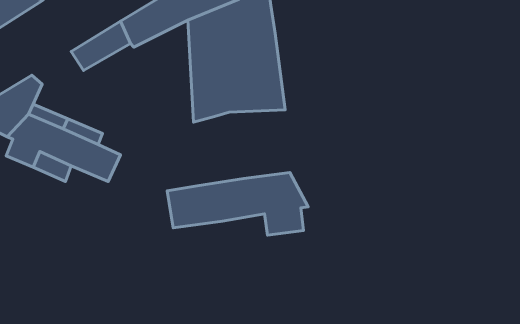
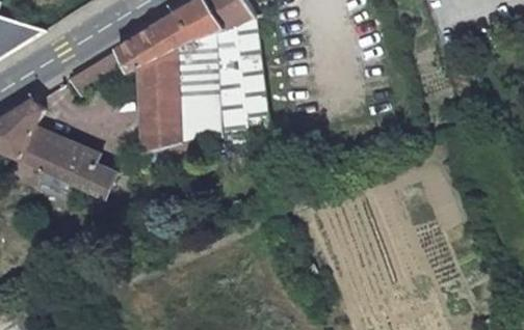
building: none -> [138,47,183,165]
building: [167,172,308,235] -> none

